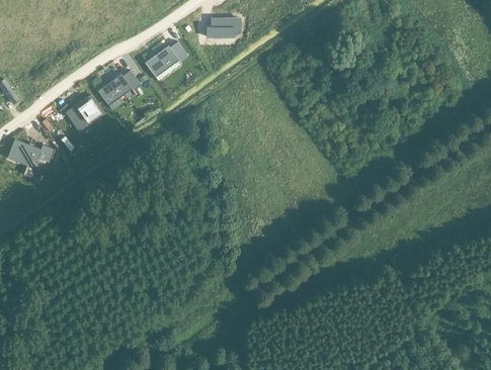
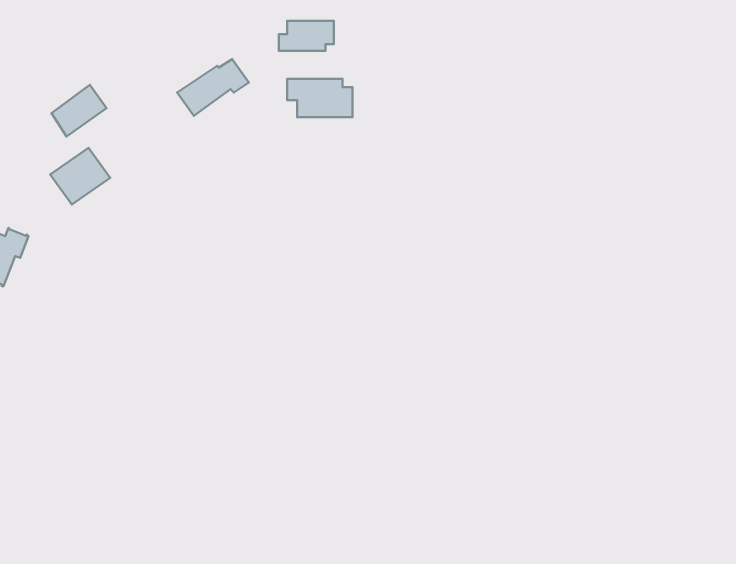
building: none -> [287,79,352,117]
building: [97,73,131,104] -> [51,85,106,136]

